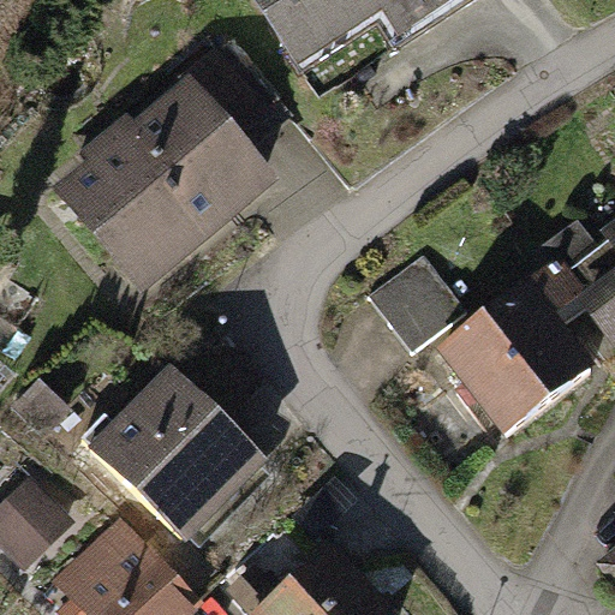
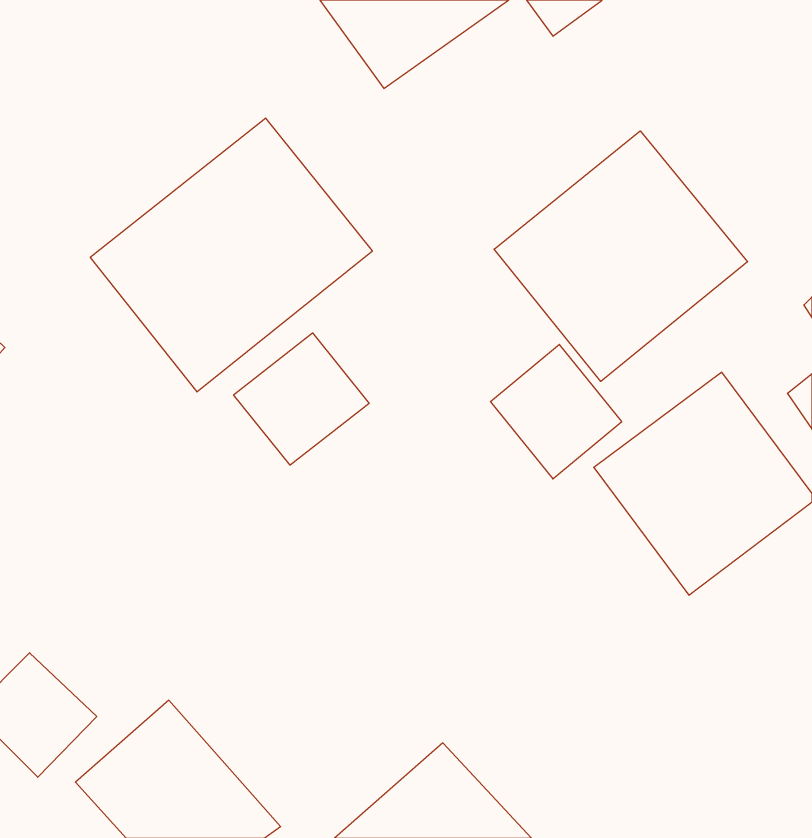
building: none -> [494,131,748,381]
building: none -> [234,333,369,465]
building: [95,359,271,536] -> none

